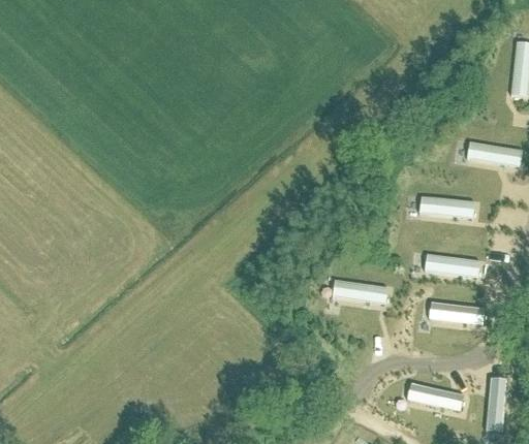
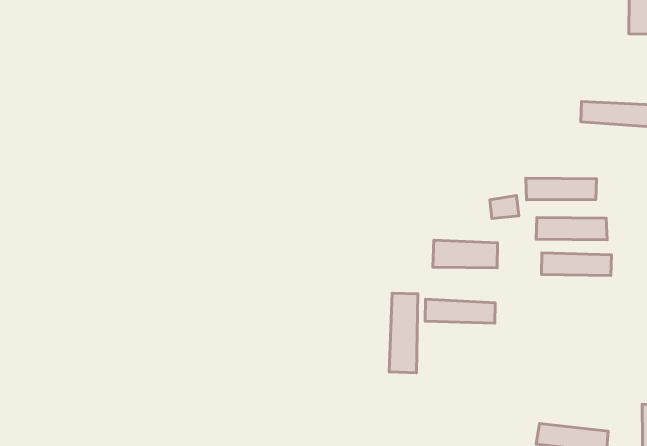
building: none -> [433,240,498,268]
building: none -> [389,293,418,373]
building: [430,302,485,324] -> [536,217,607,240]

